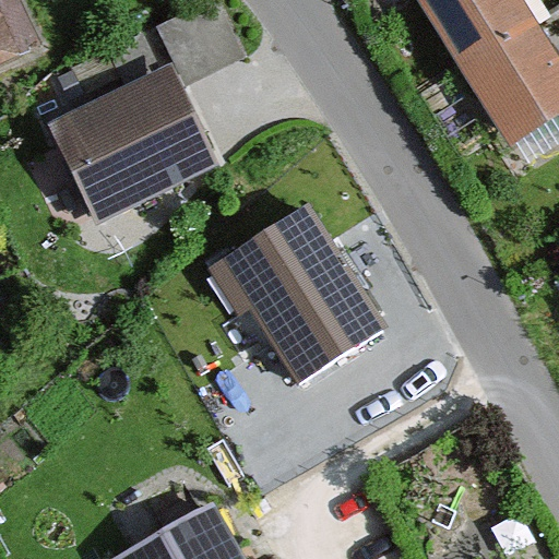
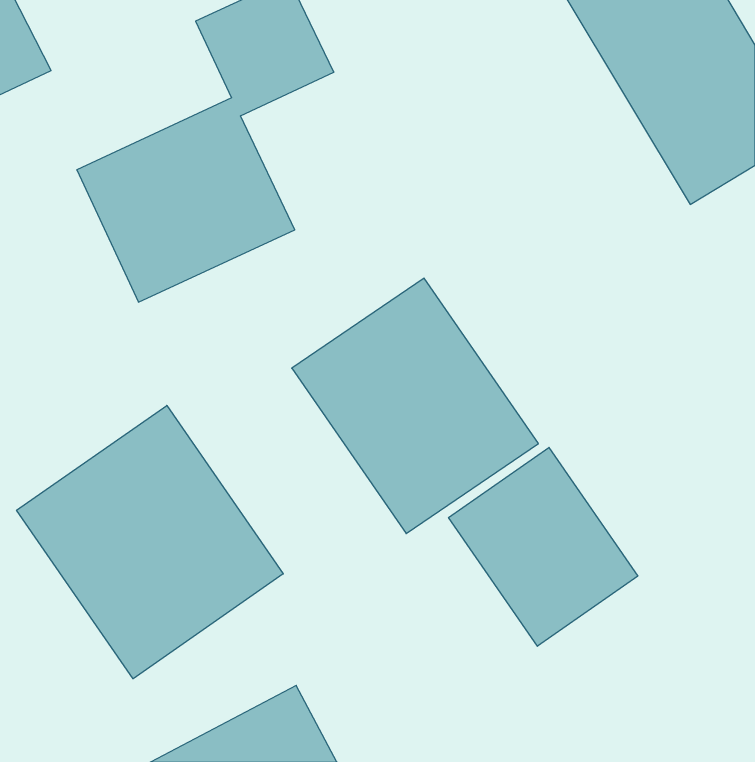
building: none -> [17,405,283,679]
building: none -> [449,447,638,646]

